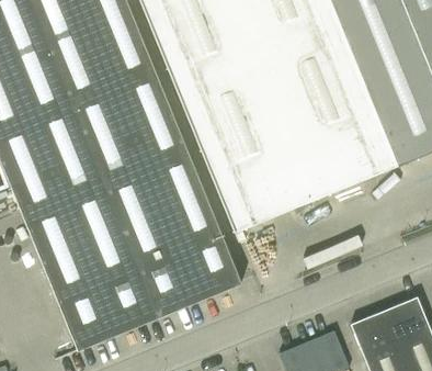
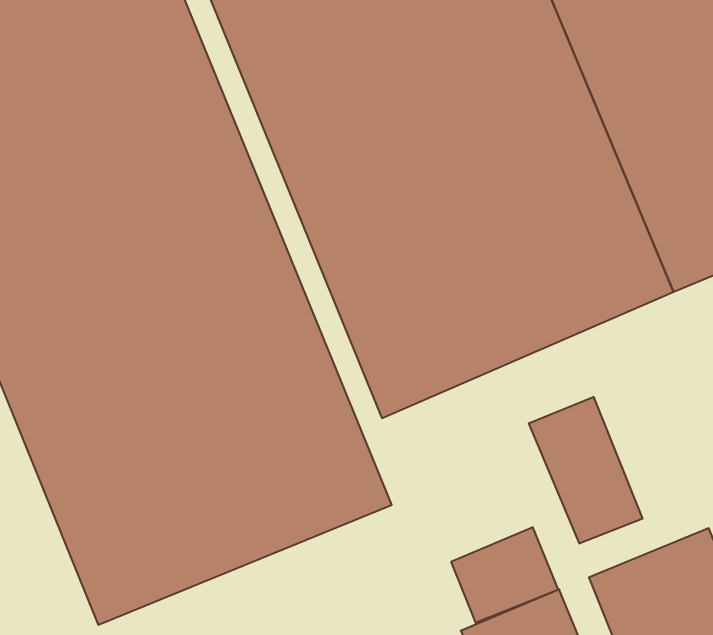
building: none -> [529,397,643,544]
building: none -> [451,527,558,623]

